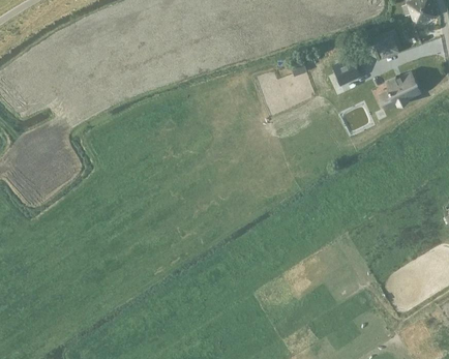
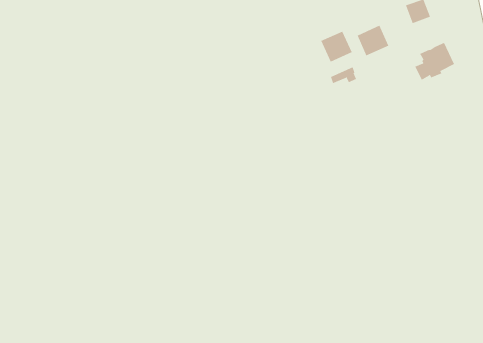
building: none -> [321,31,352,63]

